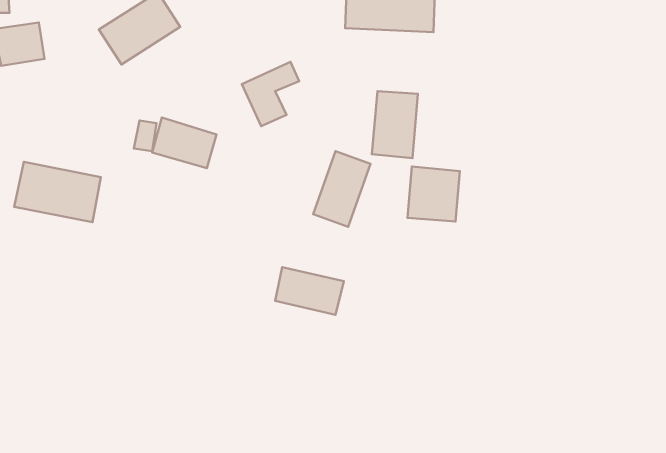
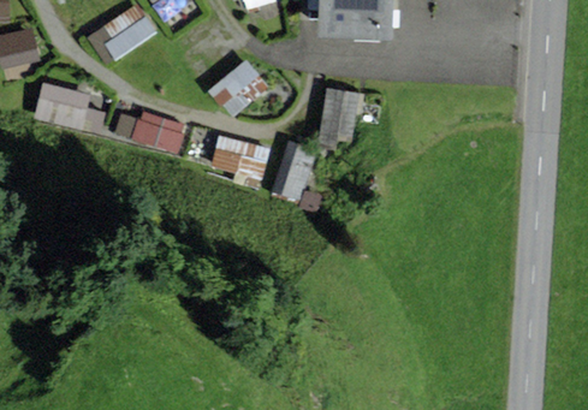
building: [14,162,101,222] -> [34,83,108,135]
building: [407,166,460,222] -> none
building: [275,267,344,315] -> [212,138,271,179]

